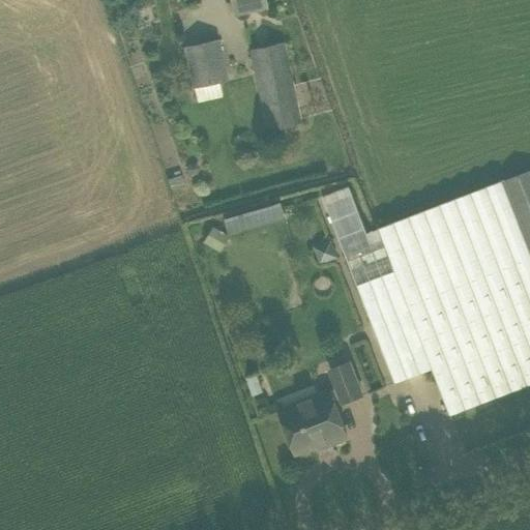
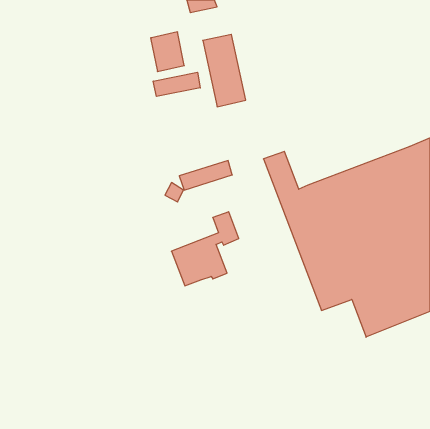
building: none -> [153,72,200,96]
building: [279,362,362,453] -> [171,212,239,286]

